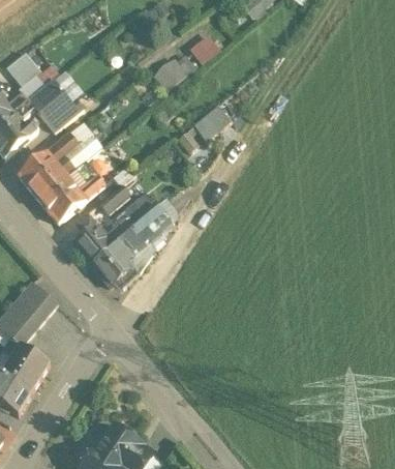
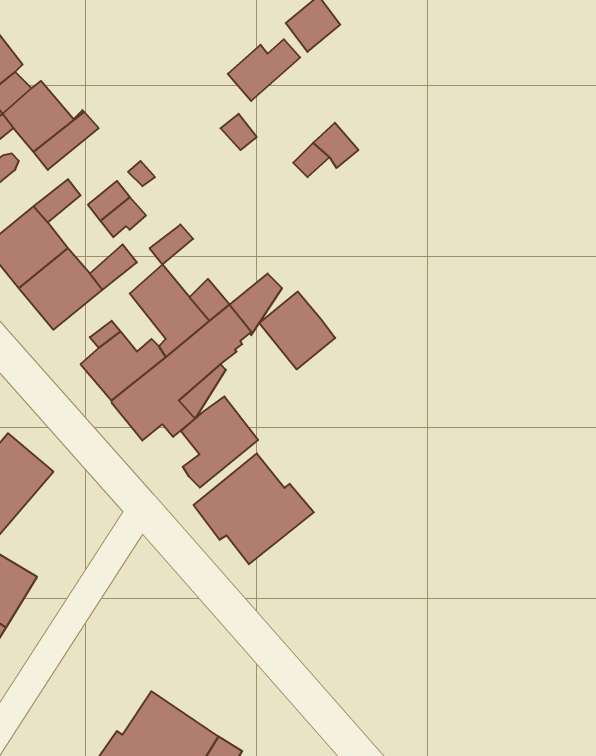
building: none -> [259,292,335,369]
building: none -> [181,396,258,488]
building: none -> [194,453,314,564]

